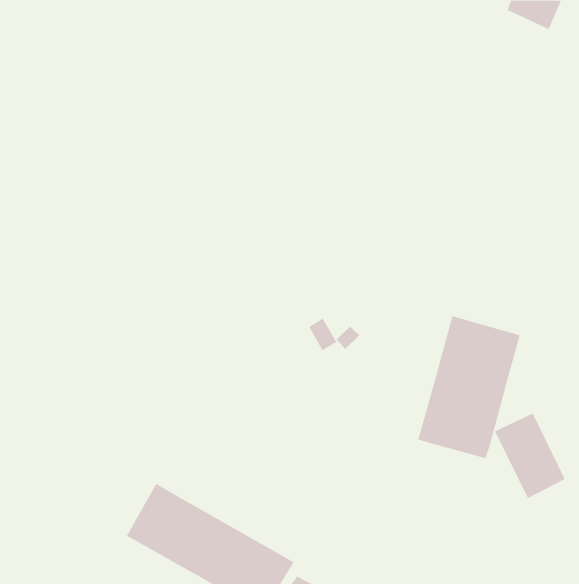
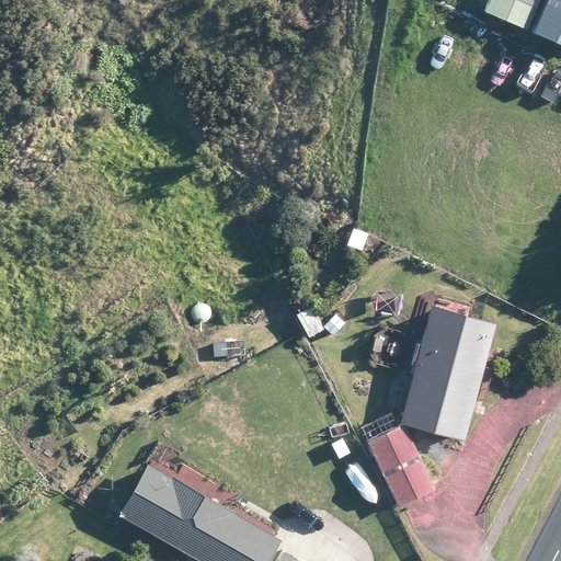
building: [494,413,565,499] -> [367,424,435,506]

